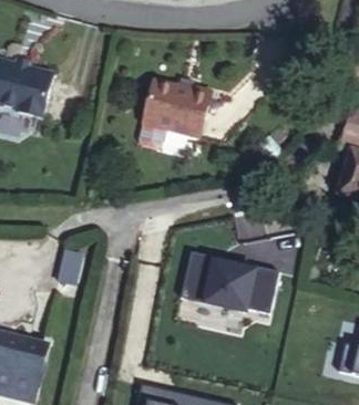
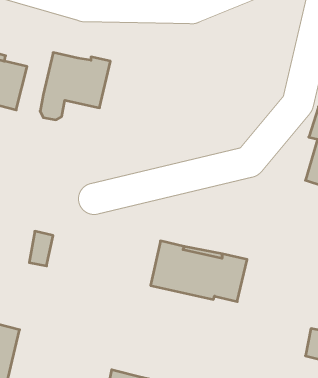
building: [142,79,214,147] -> [40,53,110,120]

